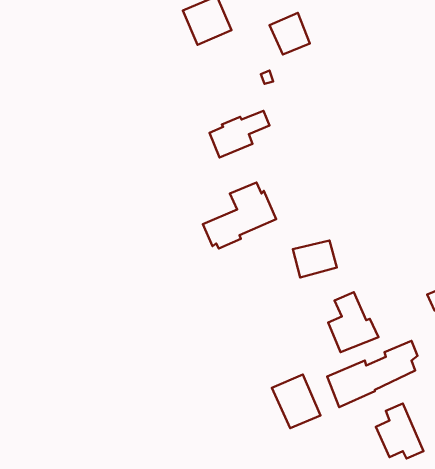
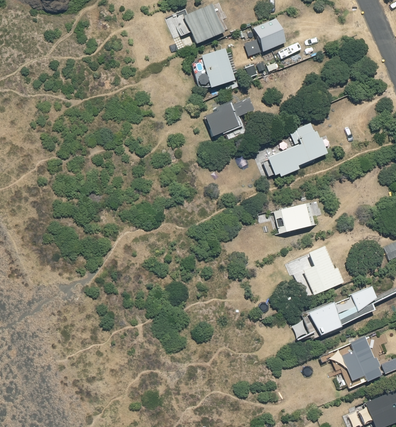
building: none -> [203,48,236,86]
building: [203,182,276,249] -> [268,123,328,177]
building: [272,374,320,428] -> none

